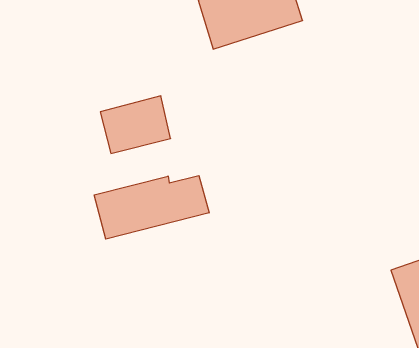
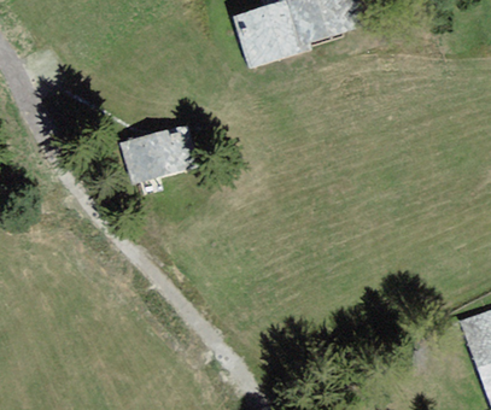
building: [94,176,209,239] -> none

